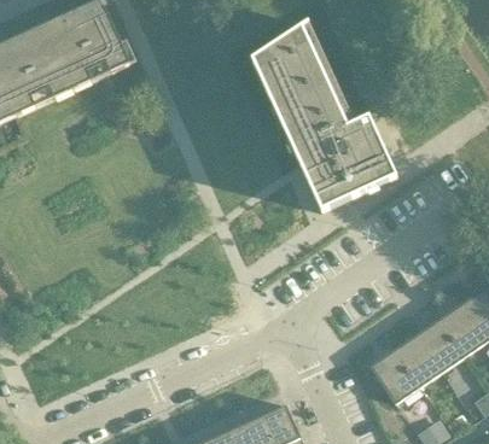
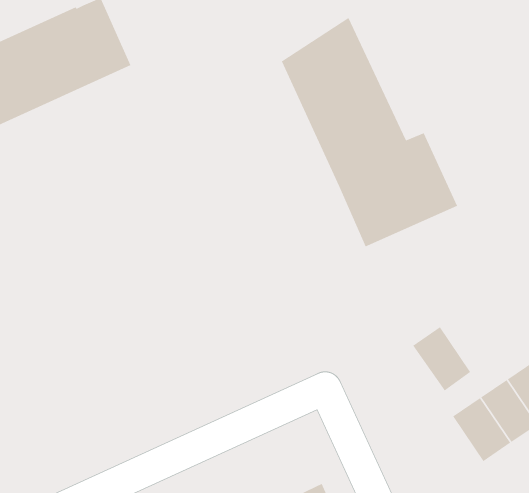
building: [368,350,417,403] -> [412,326,471,391]

